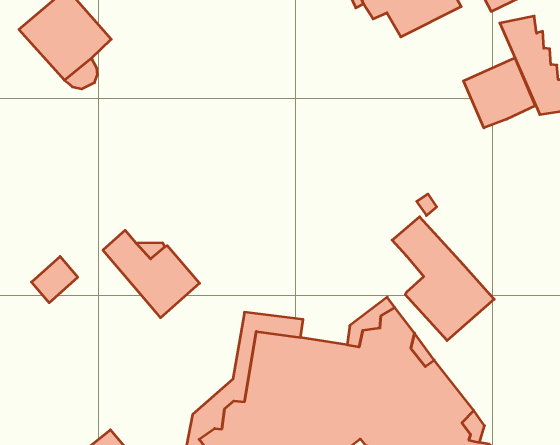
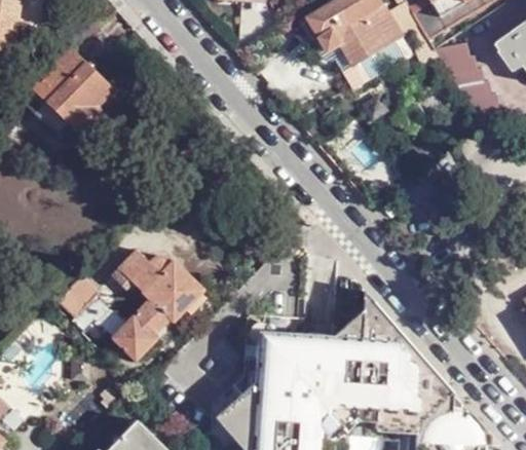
building: [463,58,535,128] -> none
building: [392,217,494,341] -> none
building: none -> [88,300,167,362]

